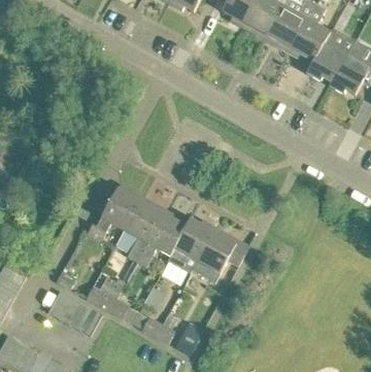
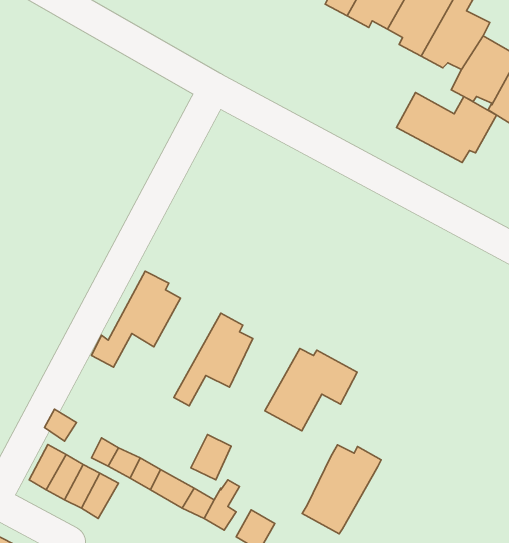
building: none -> [396,93,496,163]
building: [125,201,166,262] -> none
building: [168,218,216,273] -> [302,445,381,534]

